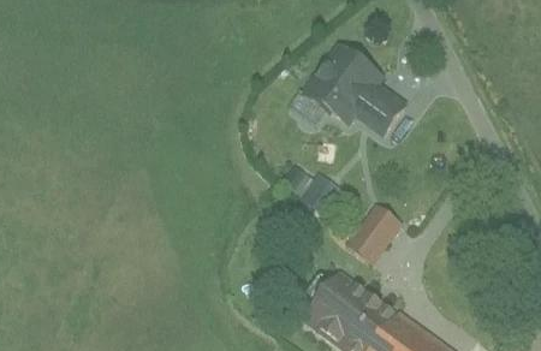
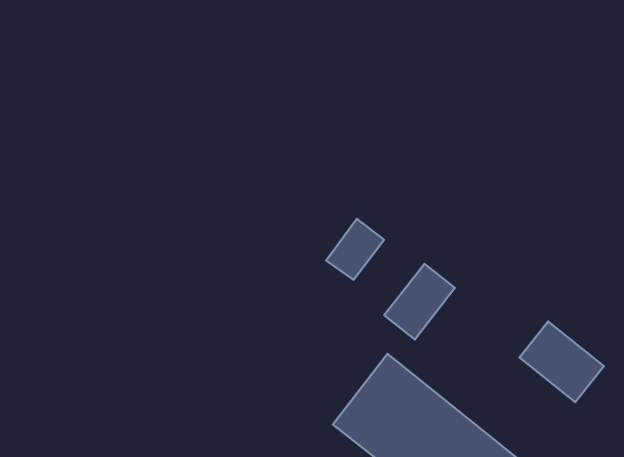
building: [307,42,415,137] -> none
building: none -> [520,321,604,402]

